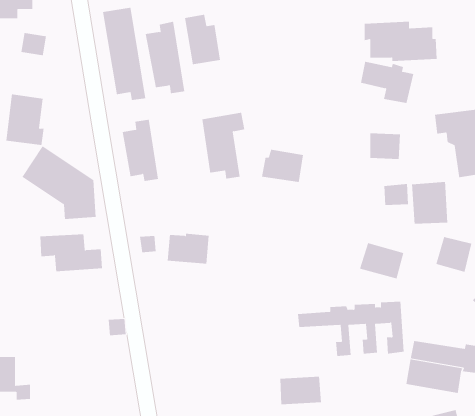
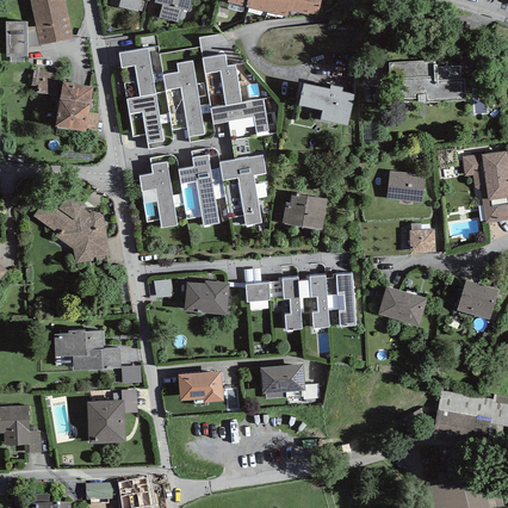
building: none -> [211,97,268,130]
building: [360,61,414,104] -> [297,79,353,123]
building: [5,94,45,146] -> [60,81,100,135]
building: none -> [178,154,218,223]
building: [412,181,448,225] -> none
building: [39,234,103,272] -> [55,329,120,368]
building: [297,301,404,356] -> [246,271,357,328]
building: none -> [178,370,223,399]
building: none -> [86,388,137,440]
building: [279,376,322,405] -> [261,363,305,392]

